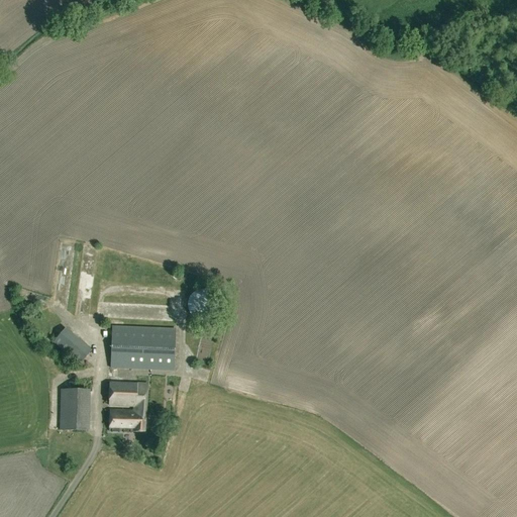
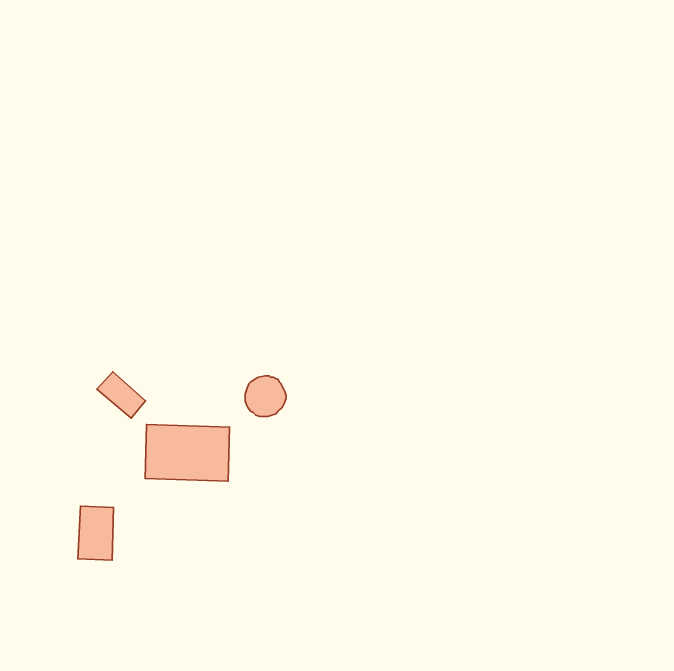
building: [54,327,91,363] -> [97,372,146,418]
building: [110,382,145,430] -> none

